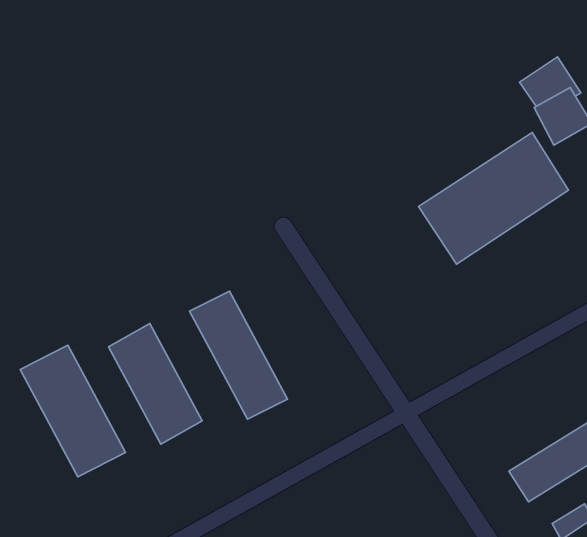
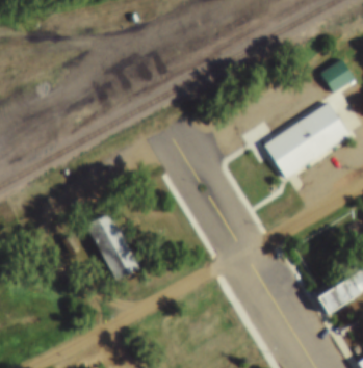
building: [189,291,288,419] -> none
building: [20,345,126,477] -> none

